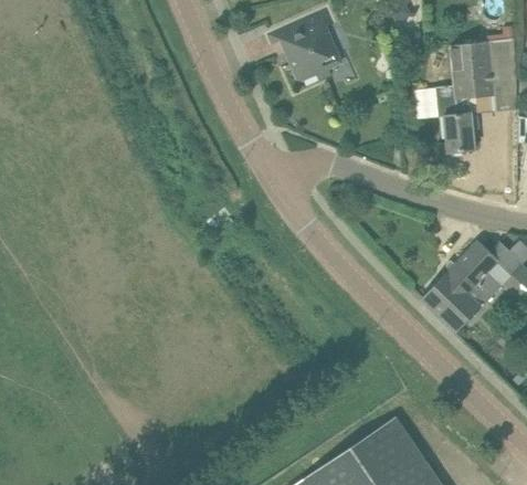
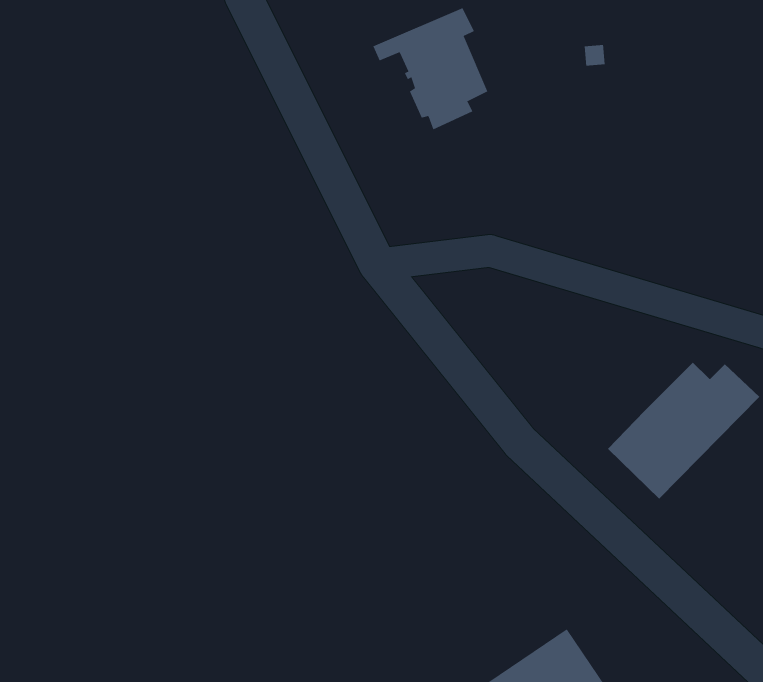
building: [436,39,518,152] -> none

